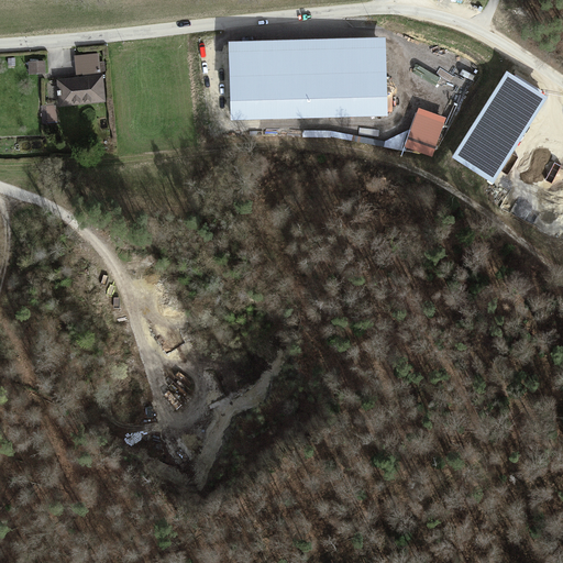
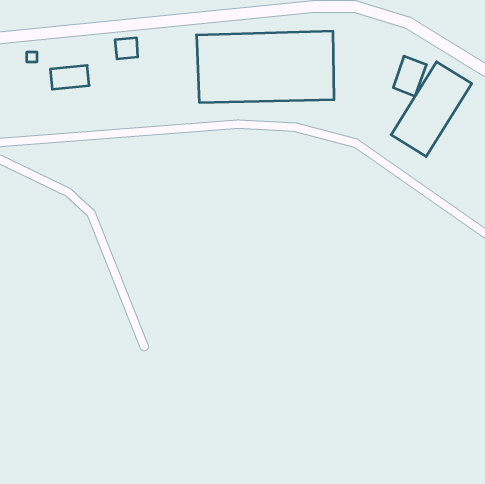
building: [75,54,101,78] -> [115,38,138,59]
building: [406,108,444,154] -> [393,56,427,96]

